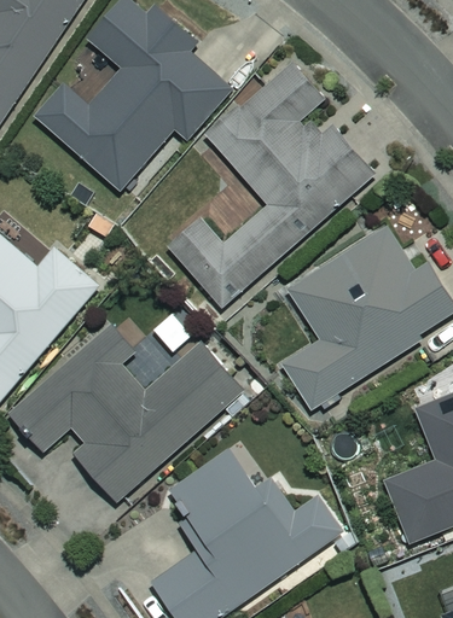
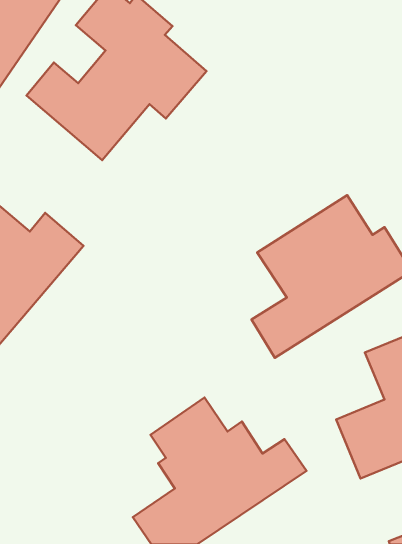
building: [168,62,374,310] -> none
building: [11,325,242,500] -> none

